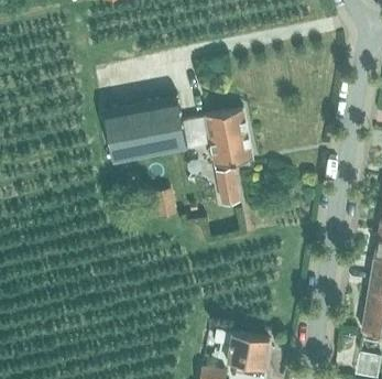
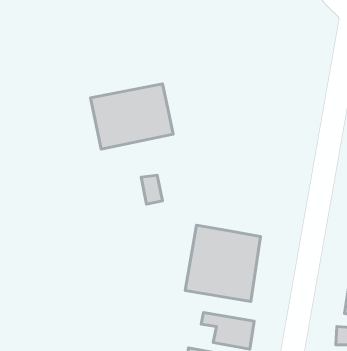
building: [182,109,252,205] -> none
building: none -> [185,225,261,301]

